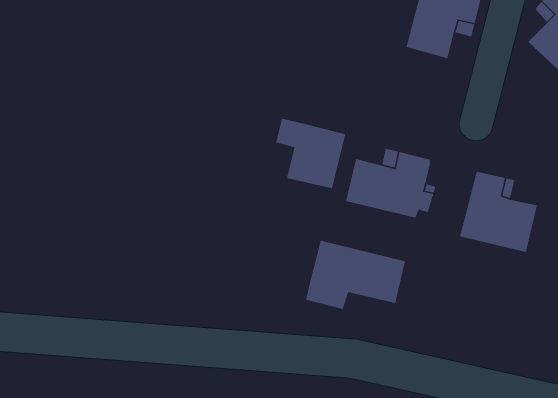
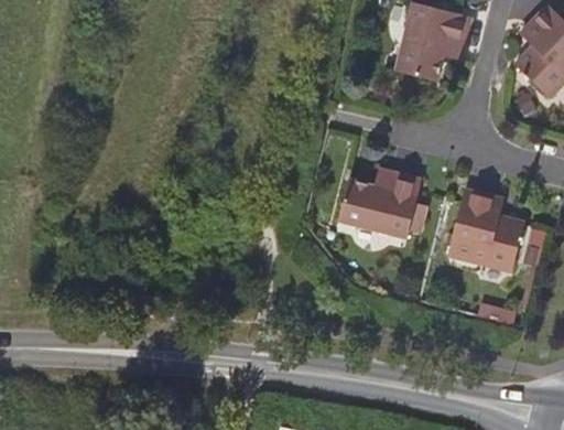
building: [275,118,346,189] -> none
building: [305,240,406,310] -> none

